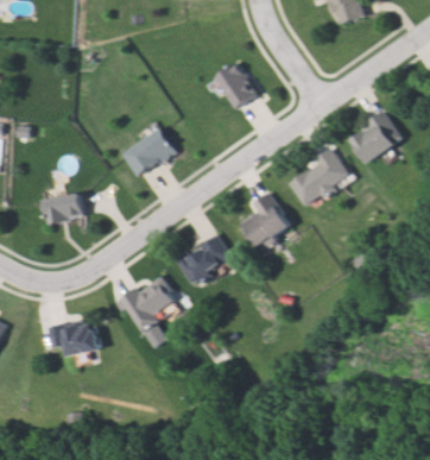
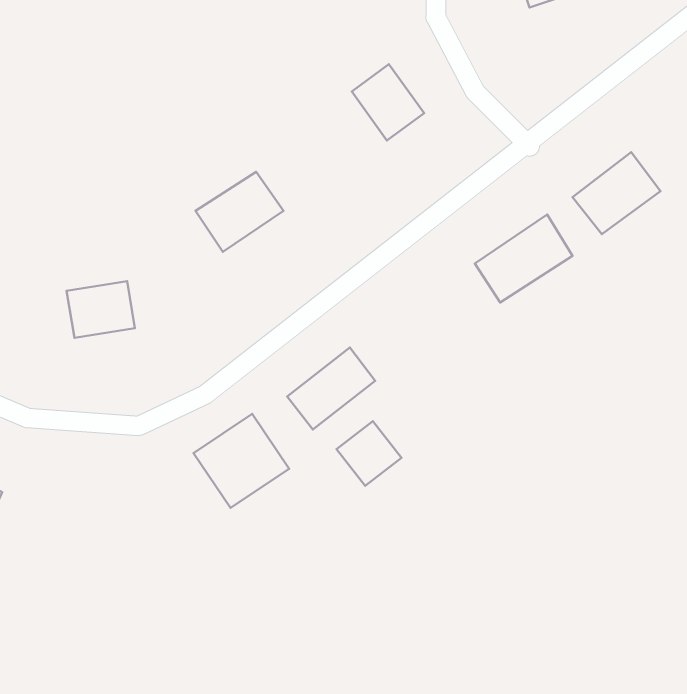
building: [241,197,291,247] -> none
building: none -> [336,421,402,486]
building: [48,320,101,361] -> none

